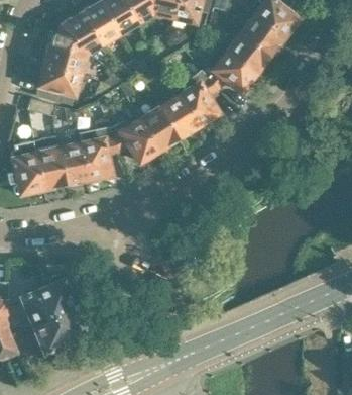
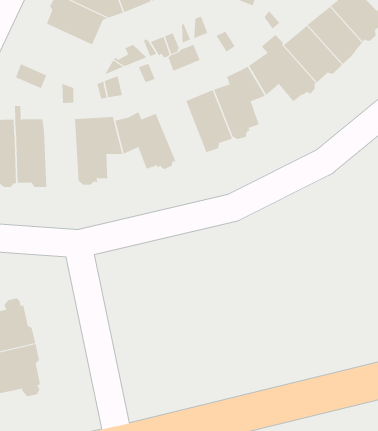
building: [35,65,82,104] -> none
building: [138,104,181,151] -> none
building: [57,140,89,187] -> none

